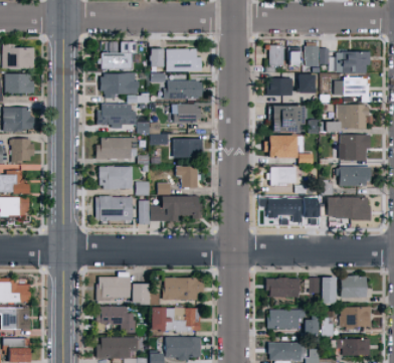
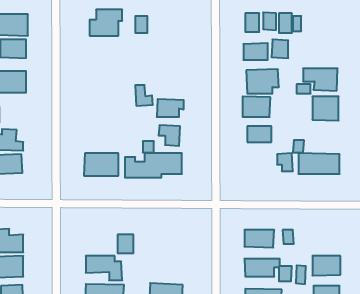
building: [165,48,201,71] -> none
building: [335,51,369,73] -> none
building: [101,72,137,96] -> none
building: [335,78,369,103] -> none
building: [166,80,202,98] -> none
building: [97,104,135,126] -> none
building: [172,104,200,122] -> none
building: [97,137,138,159] -> none
building: [11,139,32,162] -> none
building: [101,166,133,189] -> none
building: [338,166,370,186] -> none
building: [266,197,298,217] -> none
building: [96,271,130,299] -> none
building: [340,276,366,298] -> none
building: [321,277,336,304] -> none
building: [163,278,203,300] -> none
building: [150,308,200,331] -> none

